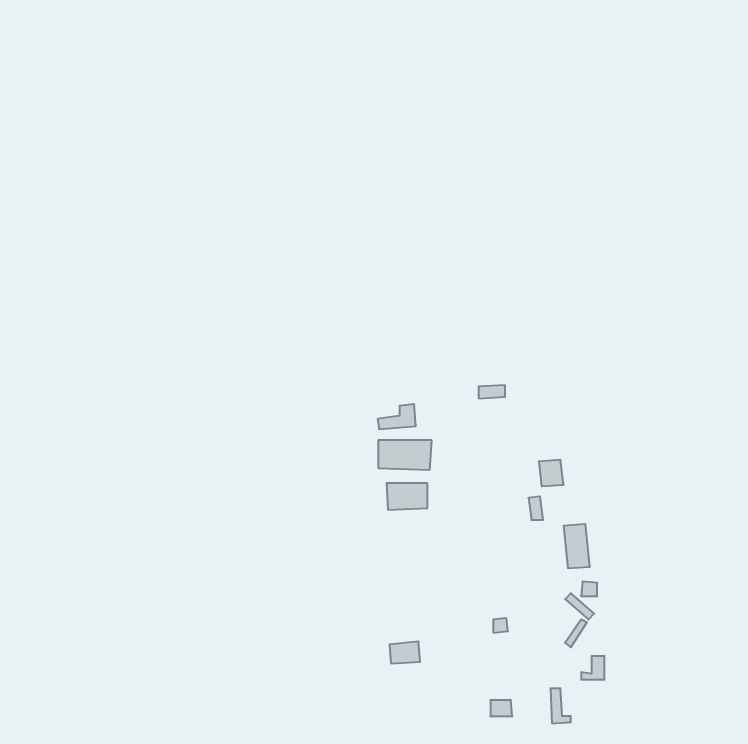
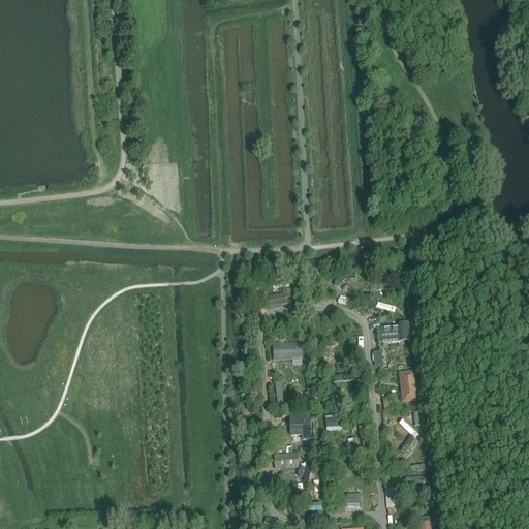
building: [378,440,431,470] -> none
building: none -> [289,413,310,437]

